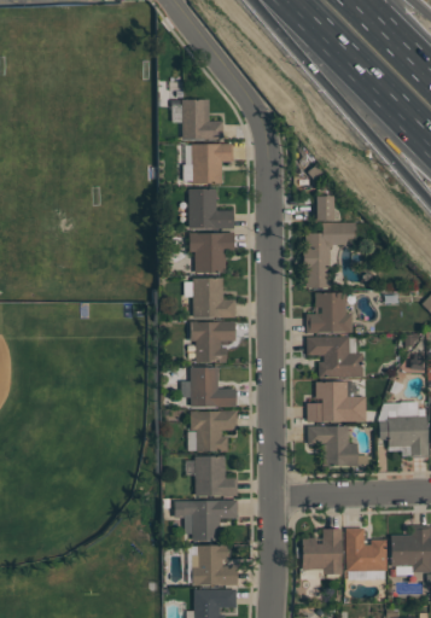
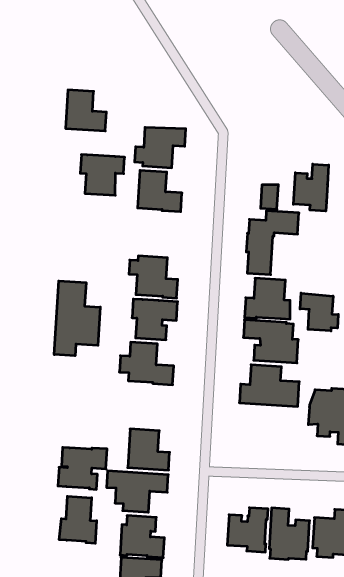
building: [182,100,223,140] -> [66,90,106,131]
building: none -> [293,164,329,211]
building: [190,233,234,273] -> [80,155,125,195]
building: none -> [300,293,338,331]
building: none -> [54,281,100,356]
building: [188,410,237,453] -> [58,447,107,489]
building: [308,426,368,467] -> none
building: none -> [59,496,97,543]

